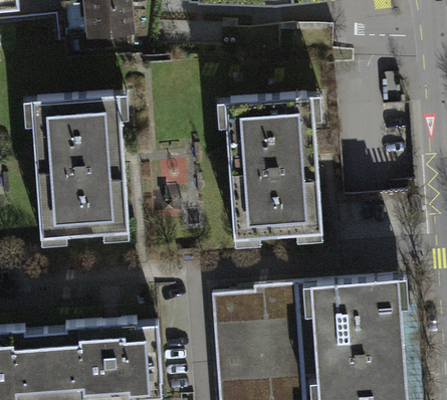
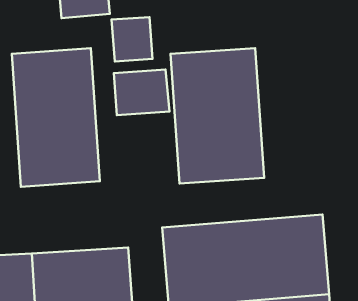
building: none -> [111,17,152,61]
building: none -> [114,70,169,115]

